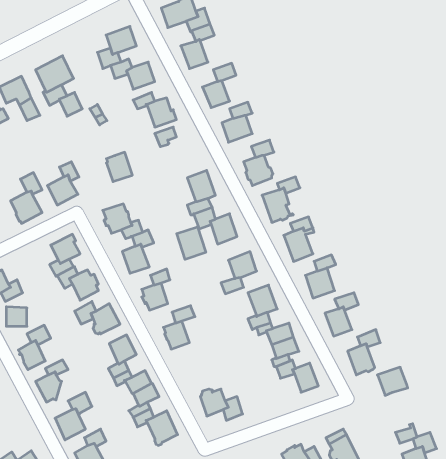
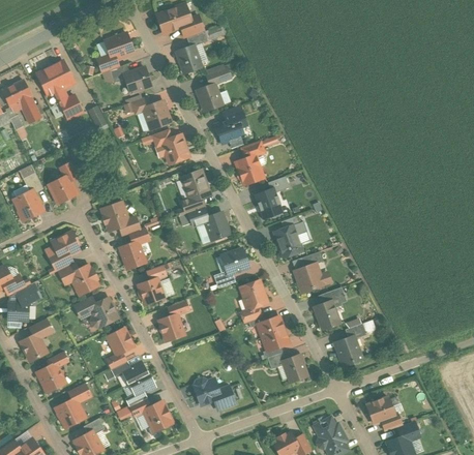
building: [106,152,132,182] -> [164,135,188,163]
building: [177,227,206,259] -> none
building: [377,367,408,395] -> [366,397,395,424]

